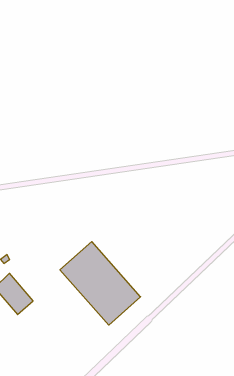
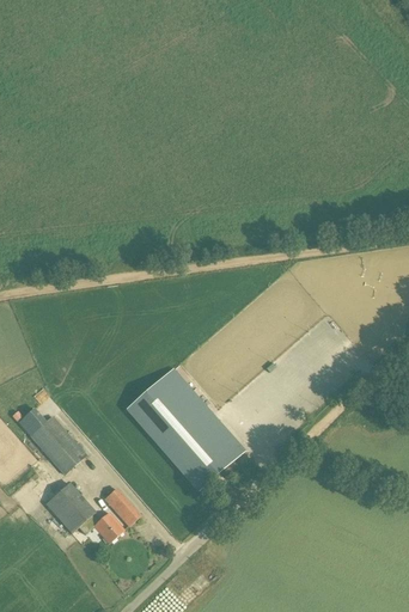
building: none -> [44,481,123,541]
building: none -> [103,486,141,526]

